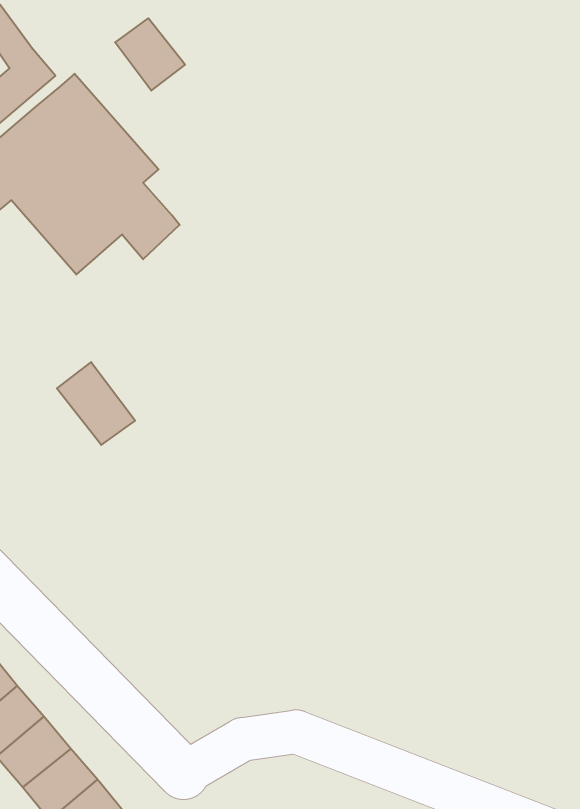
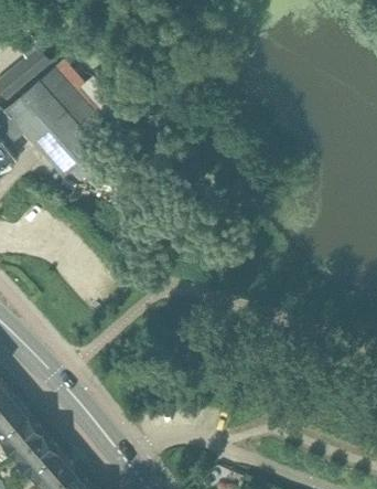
building: [115,18,185,91] -> none
building: [57,362,135,445] -> none

